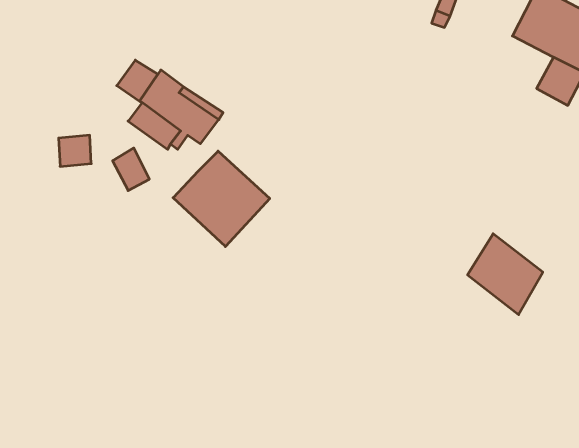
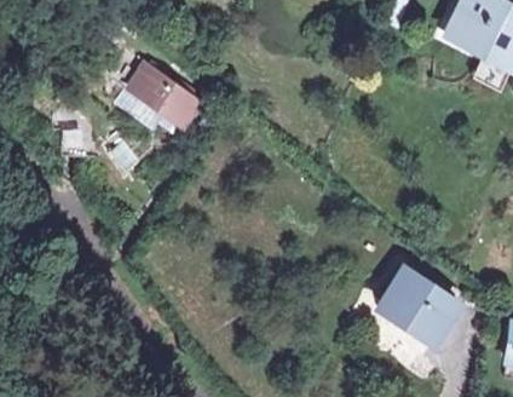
building: [173,151,270,247] -> none
building: [468,234,543,315] -> [386,277,450,346]

